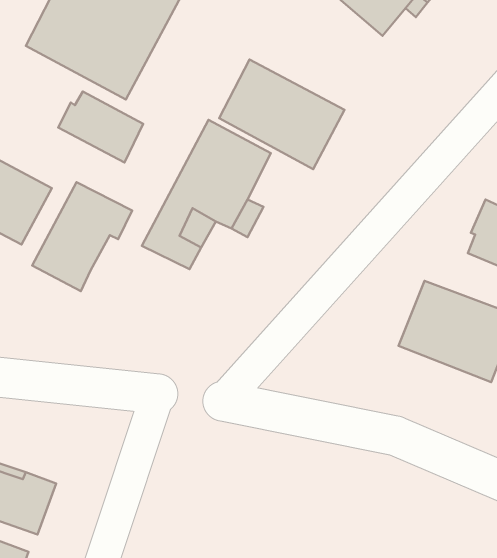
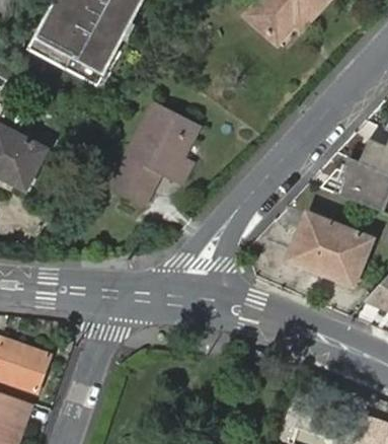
building: [219,59,345,169] -> none
building: [58,92,143,162] -> none
building: [32,182,132,291] -> none

